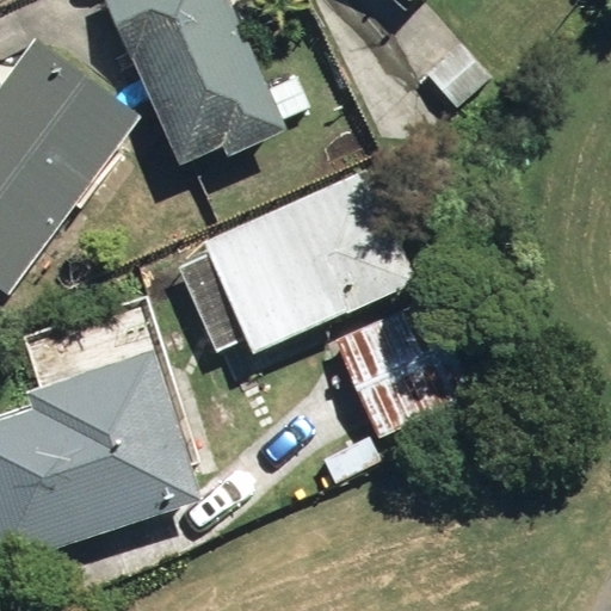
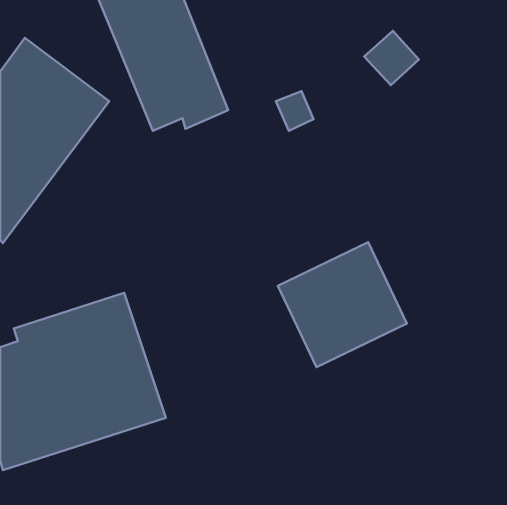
building: [202,172,413,353] -> none

